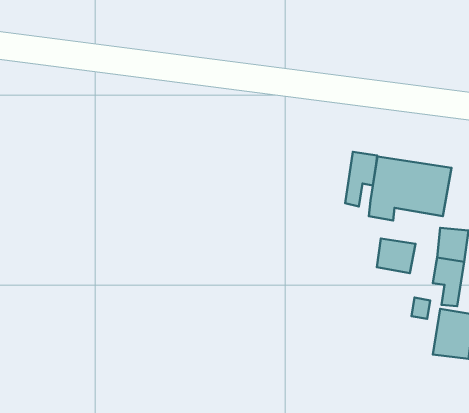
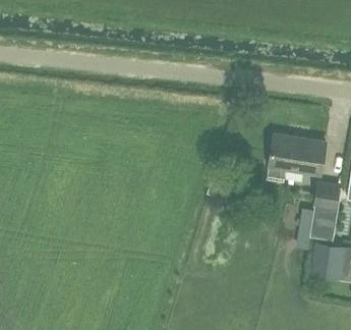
building: [345,152,377,207] -> none
building: [377,239,415,273] -> none

